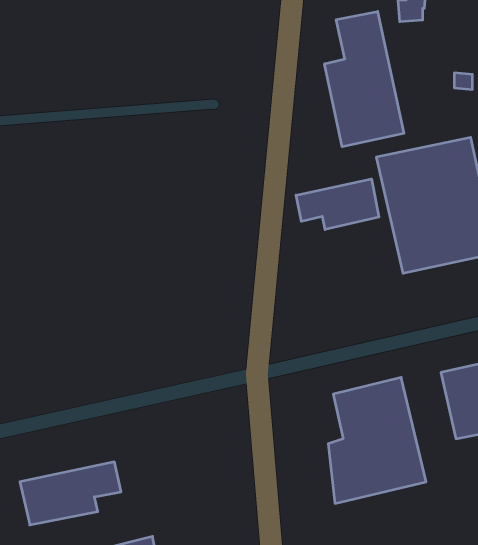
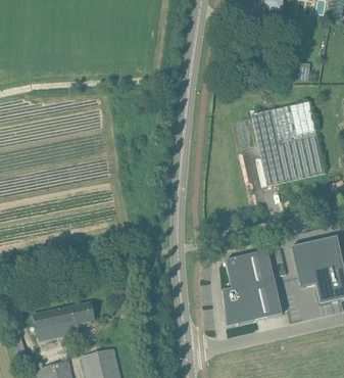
building: [325,11,404,147] -> none
building: [296,179,379,230] -> none

